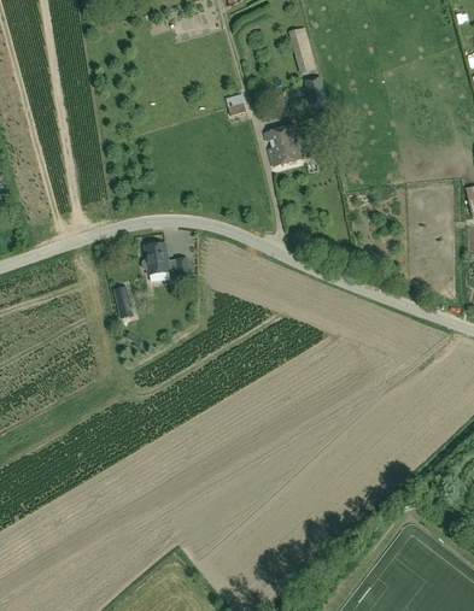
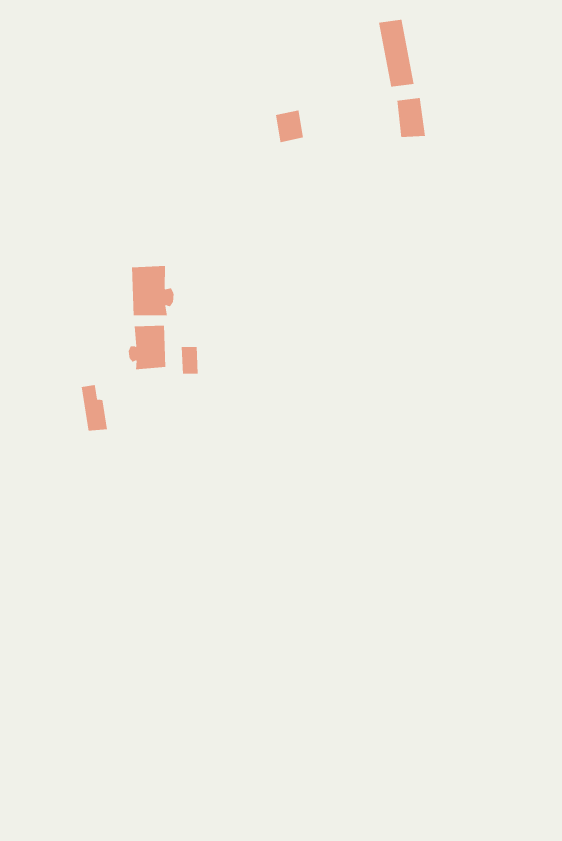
building: [265,125,304,166] -> none
building: none -> [131,265,174,316]

